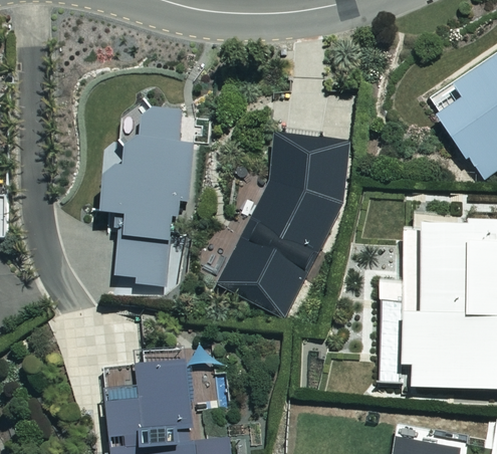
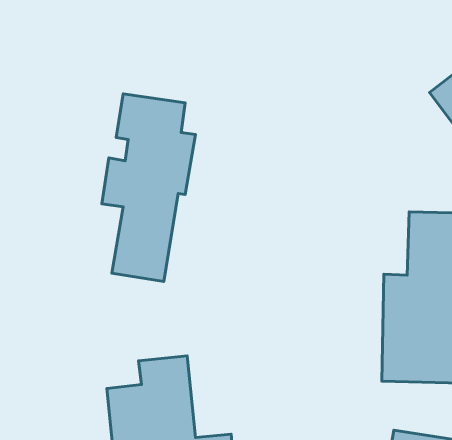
building: [217,136,350,318] -> none

